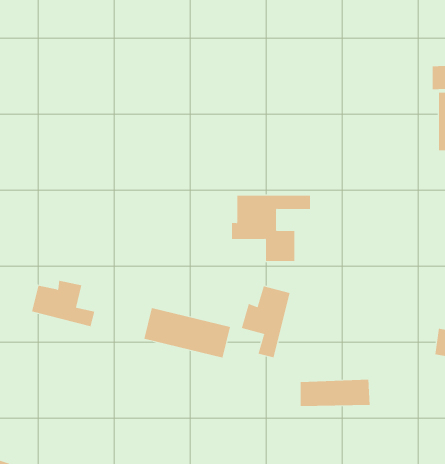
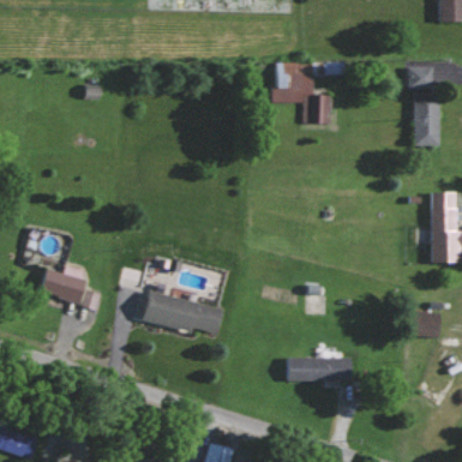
building: [231,195,311,262] -> [271,62,344,124]
building: [241,286,290,358] -> none

